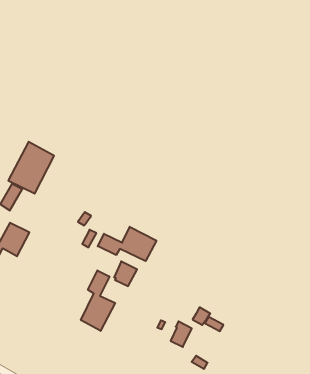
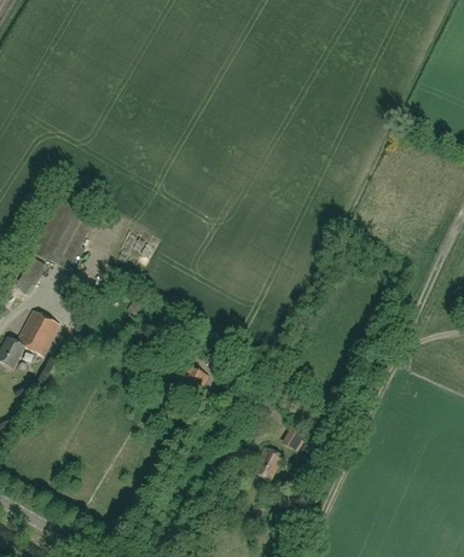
building: [98,227,156,261] -> none
building: [81,270,115,331] -> none

